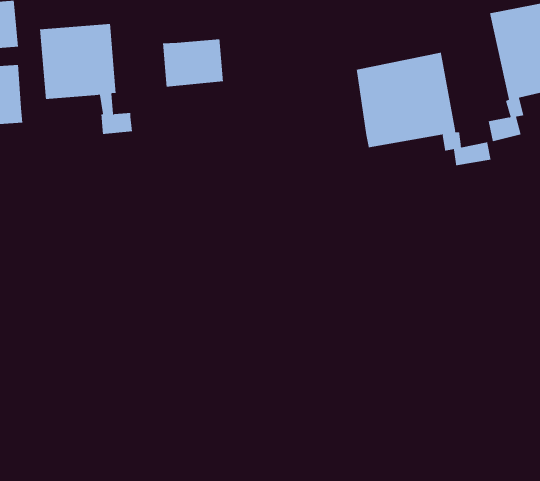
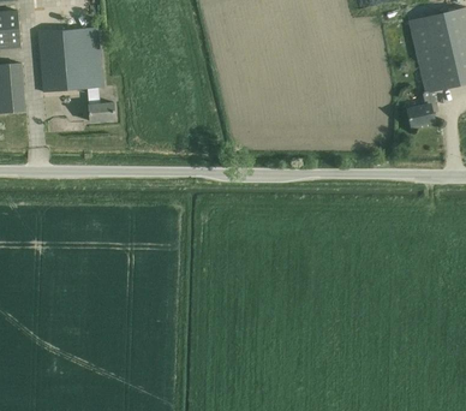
building: [163,39,223,88] -> none
building: [356,52,491,166] -> none

